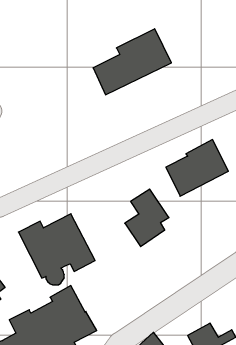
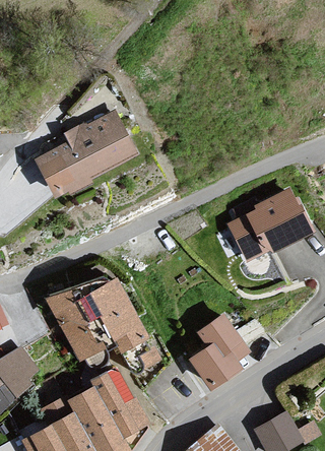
building: [93,29,171,95] -> [38,112,133,192]
building: [125,189,169,247] -> [192,316,246,386]

